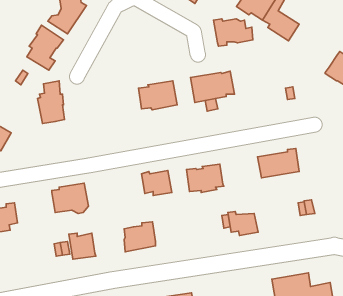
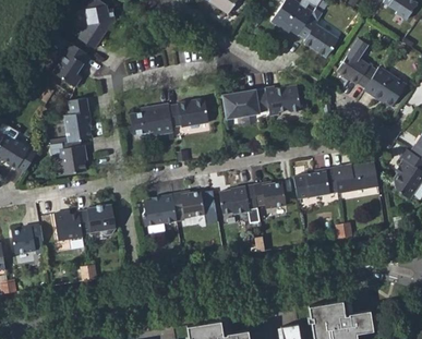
building: [213,19,253,46] -> [265,86,306,114]
building: none -> [337,38,377,88]
building: none -> [131,104,173,136]
building: none -> [61,140,87,174]
building: none -> [334,162,377,192]
building: [228,211,258,235] -> [254,183,286,208]
building: [124,222,155,252] -> [143,194,176,226]
building: [69,233,96,259] -> [55,214,83,241]

